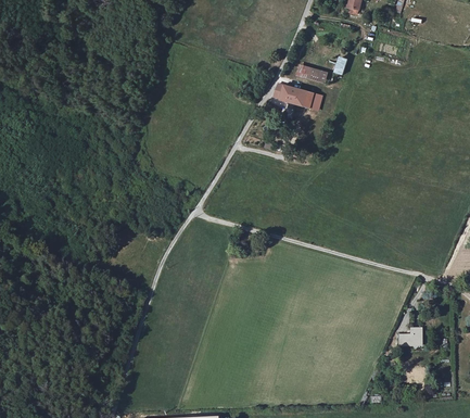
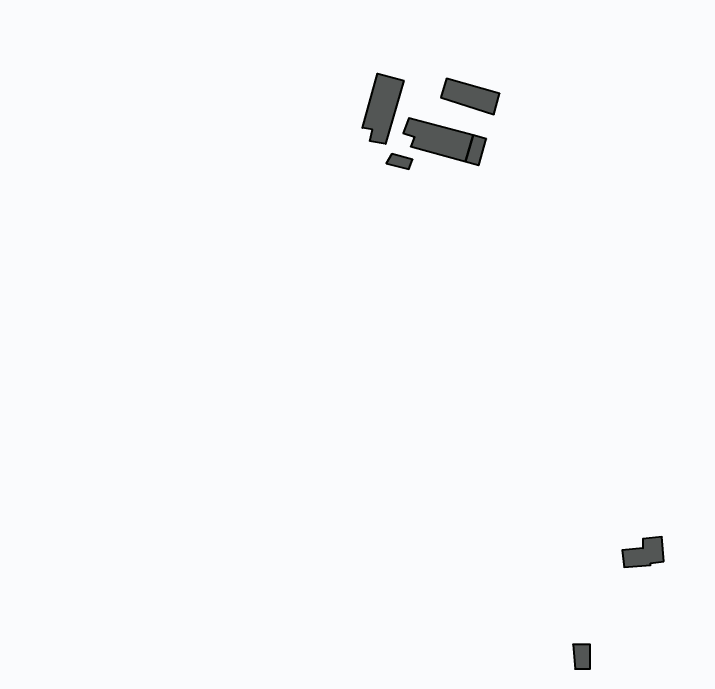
building: none -> [362,74,404,144]

